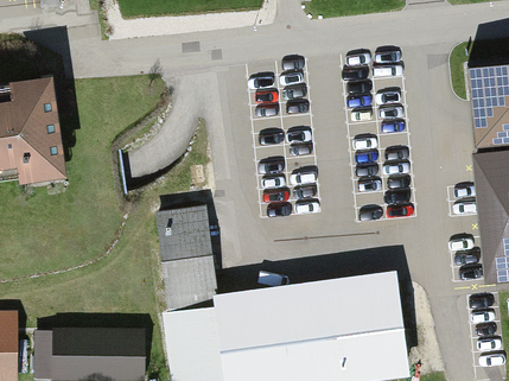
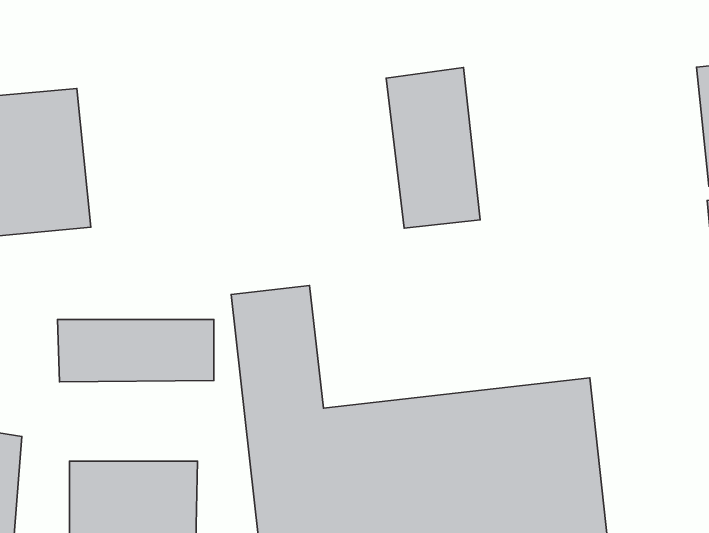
building: none -> [386,68,480,228]
building: none -> [57,320,214,382]

